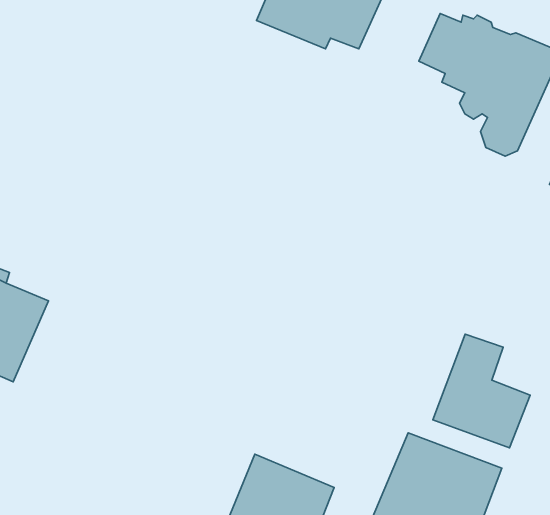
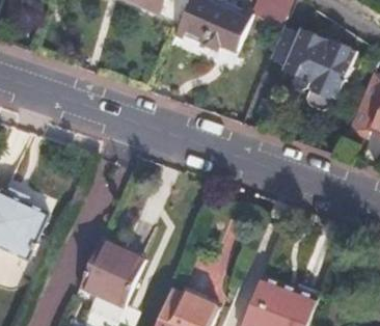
building: [433,334,530,448] -> none
building: none -> [80,238,147,304]

